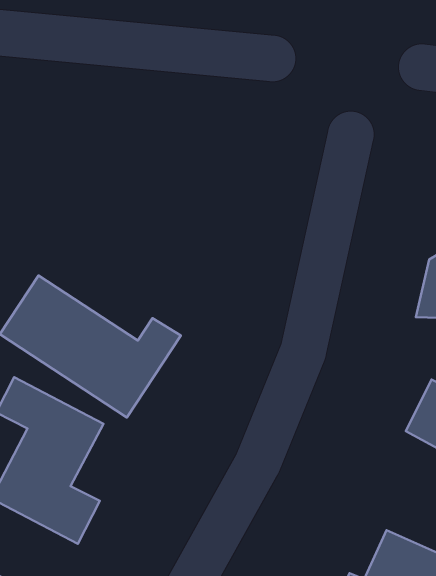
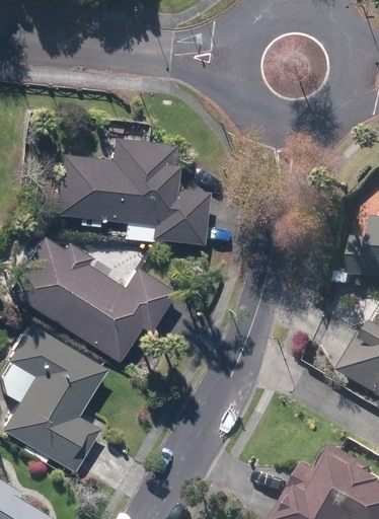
building: none -> [60,140,205,242]

